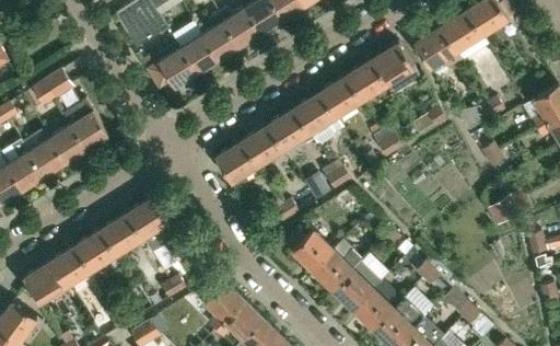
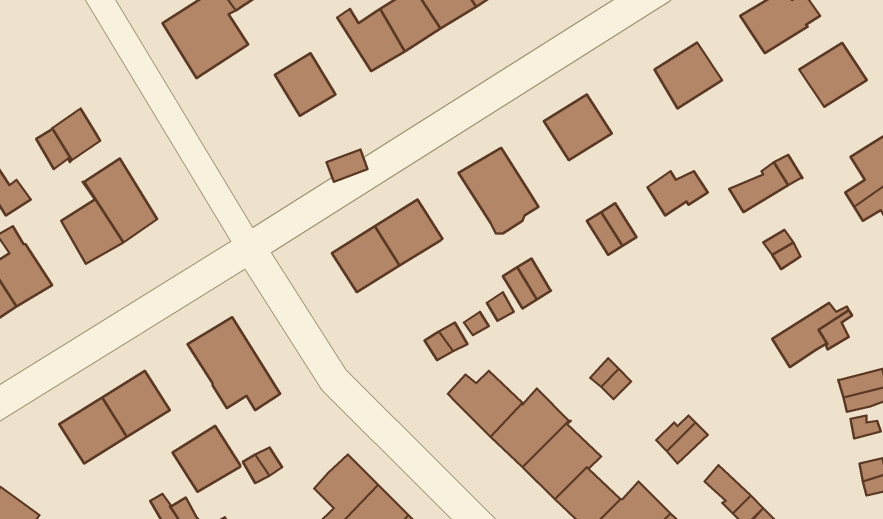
building: [440,12,481,51] -> [799,43,867,107]
building: [202,13,240,60] -> none
building: [372,44,413,84] -> none
building: [147,48,196,89] -> none
building: [319,77,361,117] -> none
building: [268,108,313,162] -> none
building: [27,138,65,177] -> none
building: [101,214,142,254] -> [173,426,240,492]
building: [22,263,63,303] -> none

